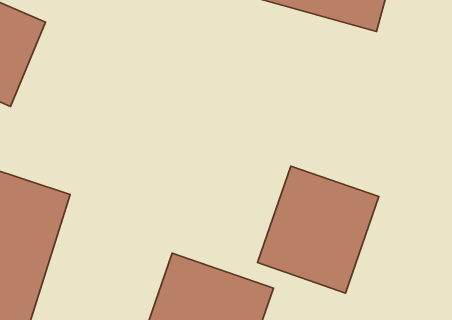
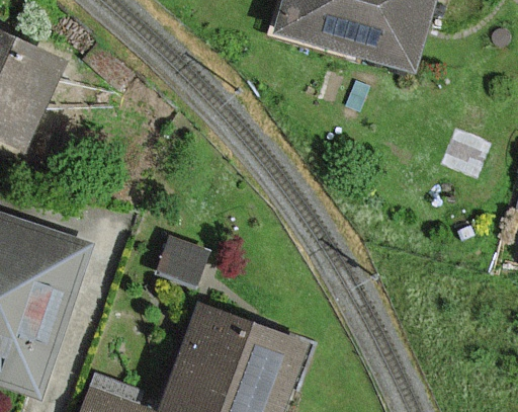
building: [258,166,379,293] -> none

